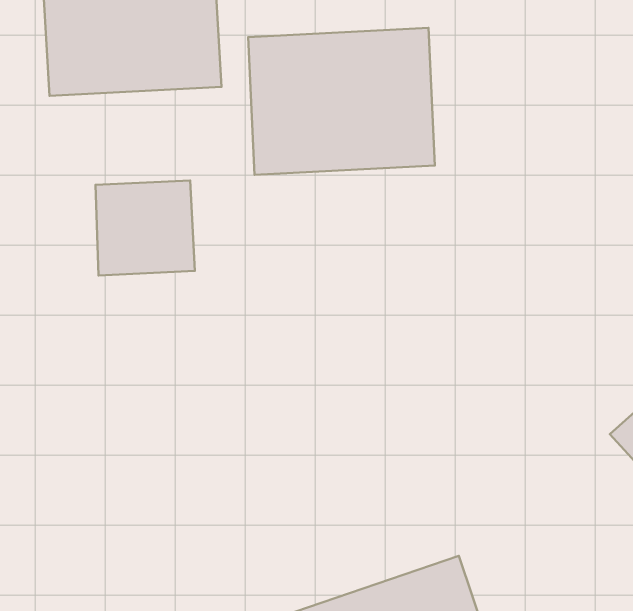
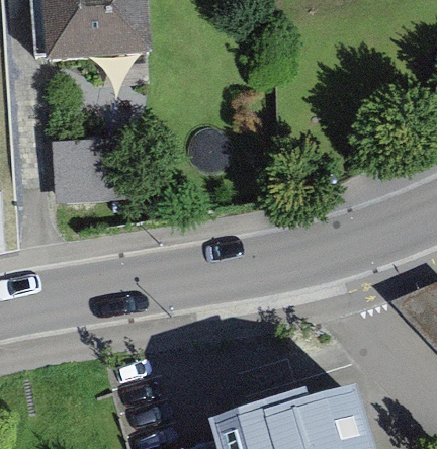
building: [248,28,435,175] -> none

